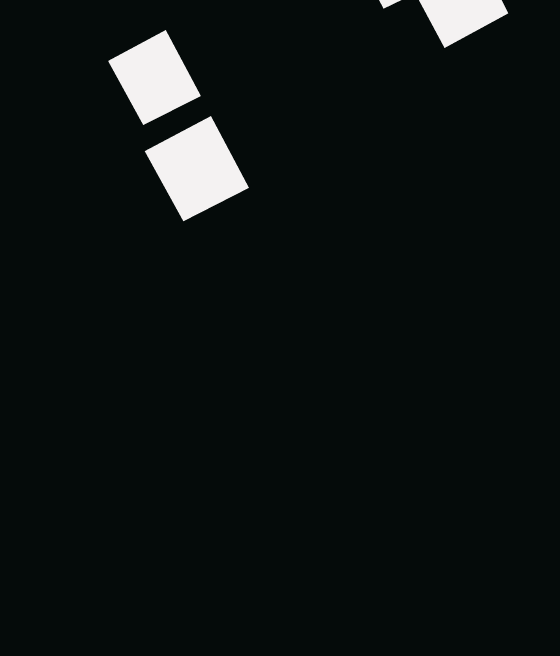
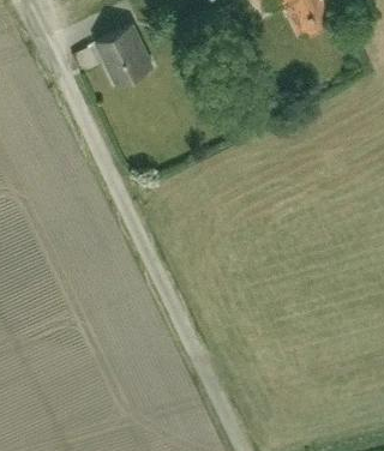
building: [144,115,250,222] -> none

